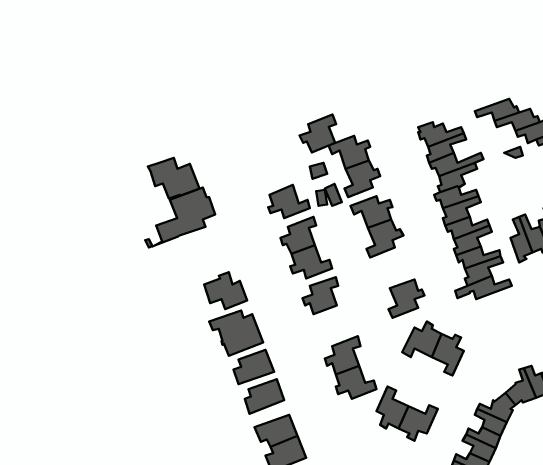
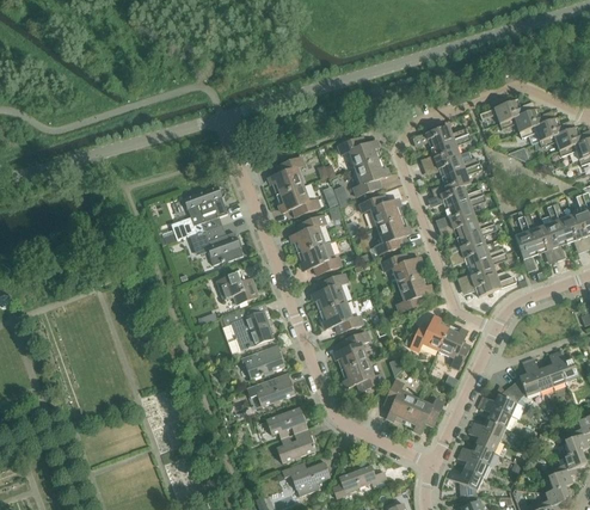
building: [299,114,336,153] -> [268,156,303,193]
building: [148,158,200,198] -> [192,225,242,264]
building: none -> [380,253,420,284]
building: none -> [322,301,362,333]

